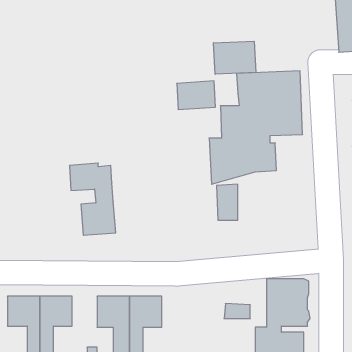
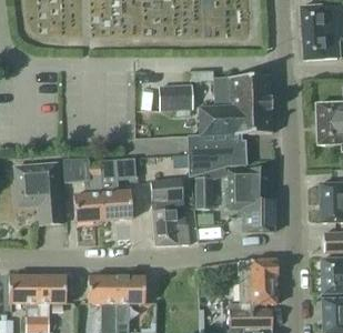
building: [214,41,256,74] -> none
building: none -> [100,157,135,219]
building: none -> [12,162,60,223]
building: none -> [228,167,273,231]
building: none -> [150,178,190,245]

